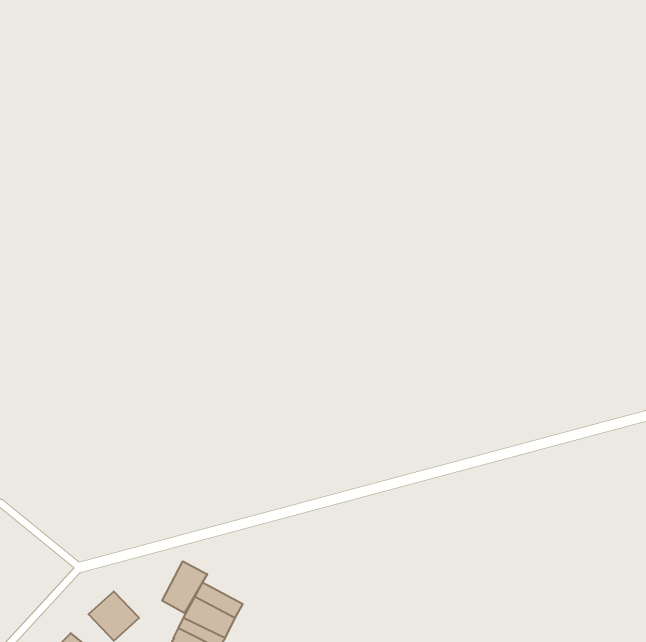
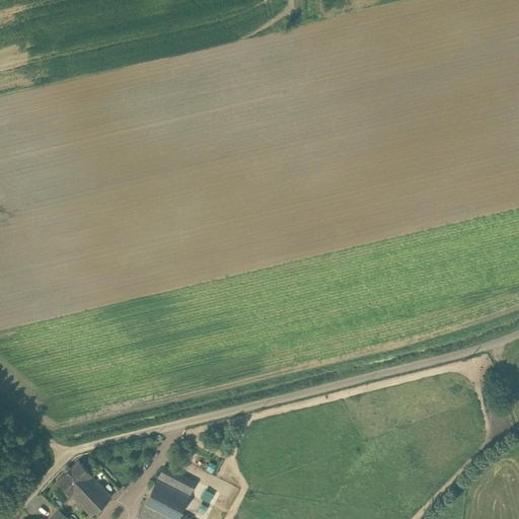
building: [162,561,207,613] -> none
building: none -> [57,462,91,497]

